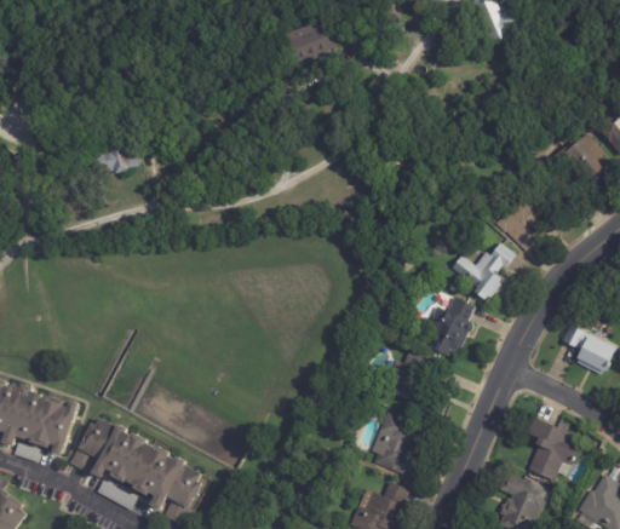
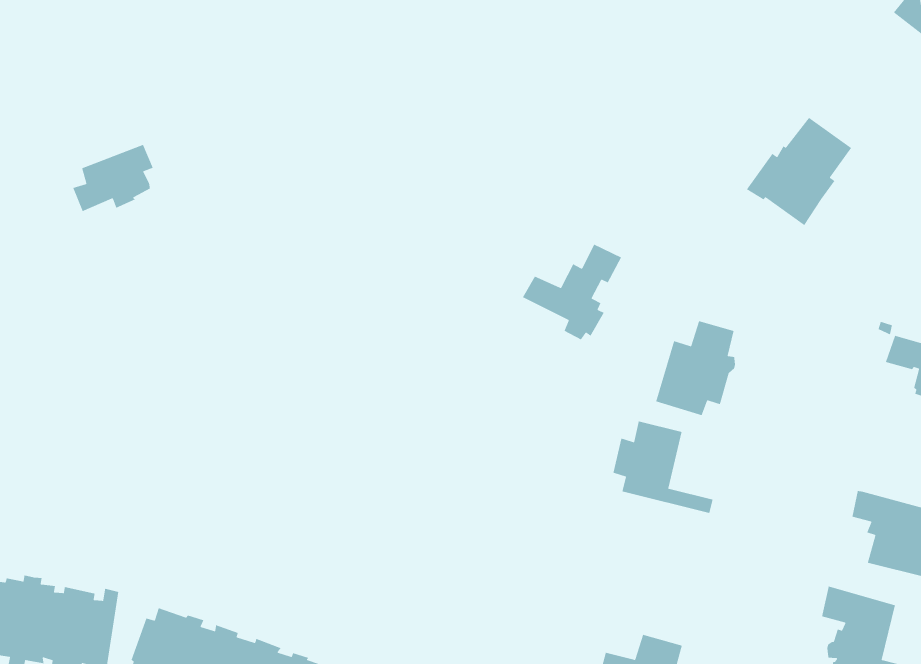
building: [563,133,603,185] -> none
building: [450,243,515,300] -> [522,244,622,340]
building: [371,413,421,478] -> none

